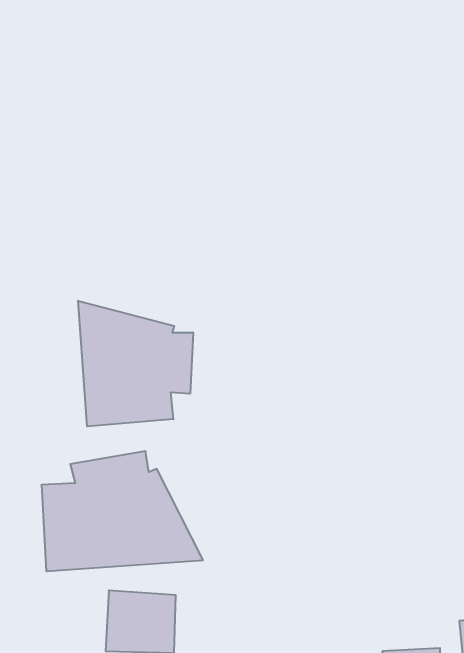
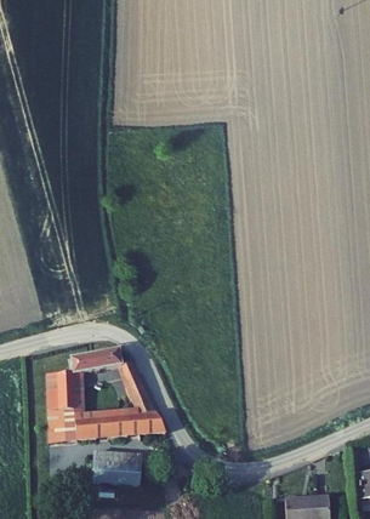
building: [78,301,193,426] -> none

